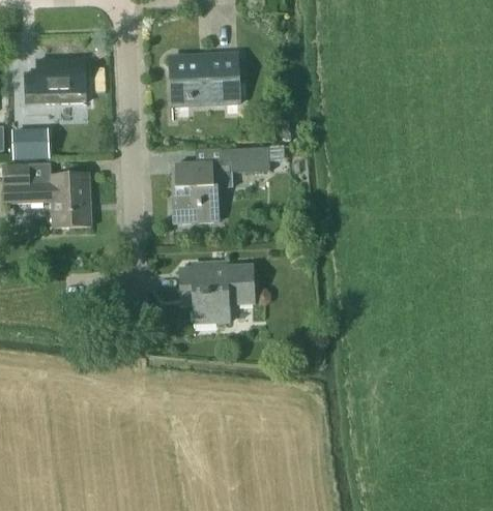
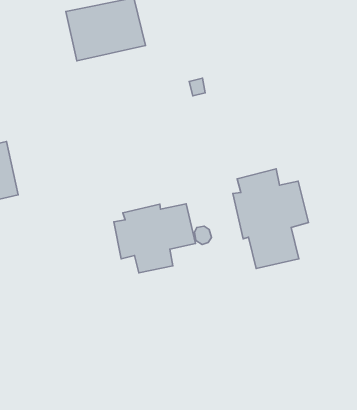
building: [173,148,264,223] -> none
building: none -> [233,169,309,269]

